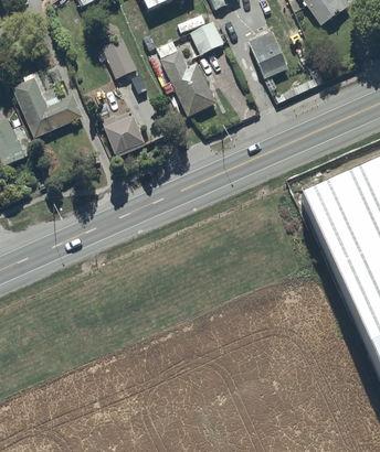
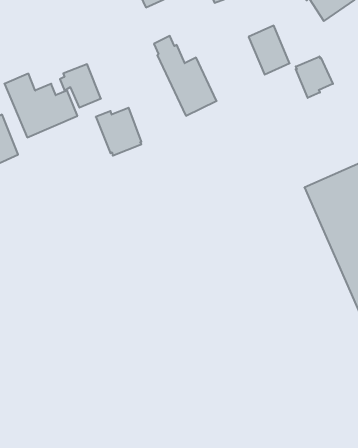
building: [190,21,223,55] -> none
building: [97,36,137,78] -> [60,64,101,108]
building: none -> [296,56,333,98]

